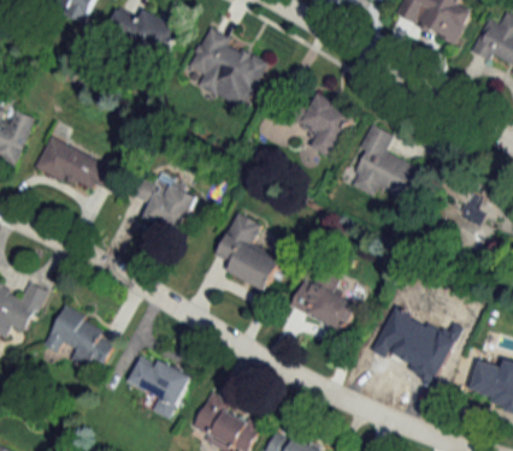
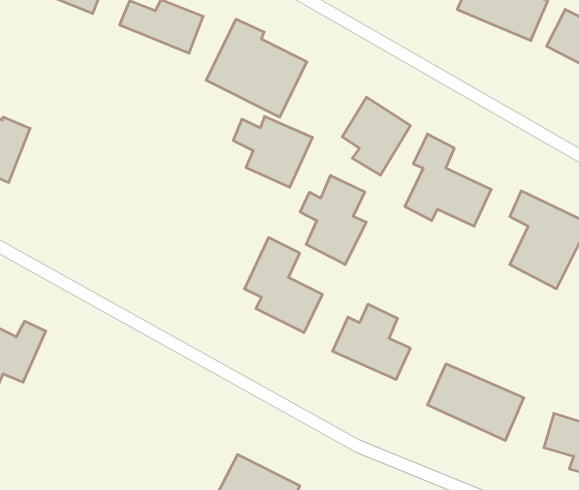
building: [34,136,114,196] -> none
building: none -> [300,175,366,265]
building: [131,174,199,235] -> [233,116,313,187]
building: [43,309,116,368] -> none
building: [128,352,189,417] -> none

